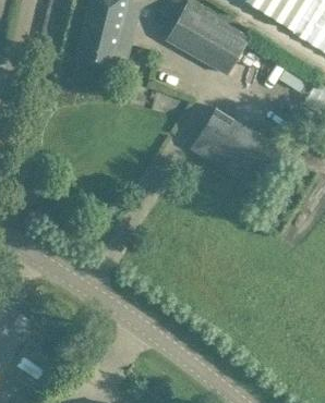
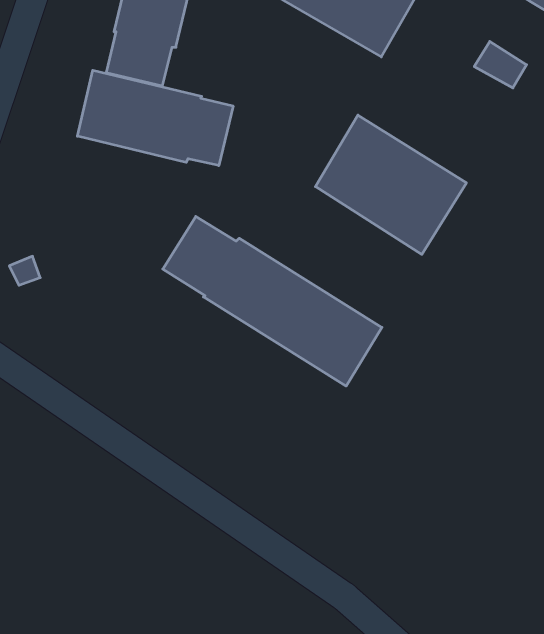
building: none -> [77,70,233,166]
building: none -> [163,216,382,386]

